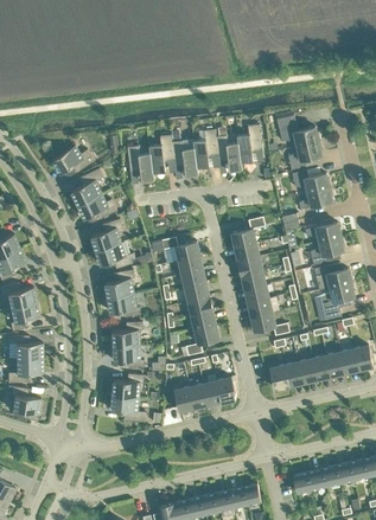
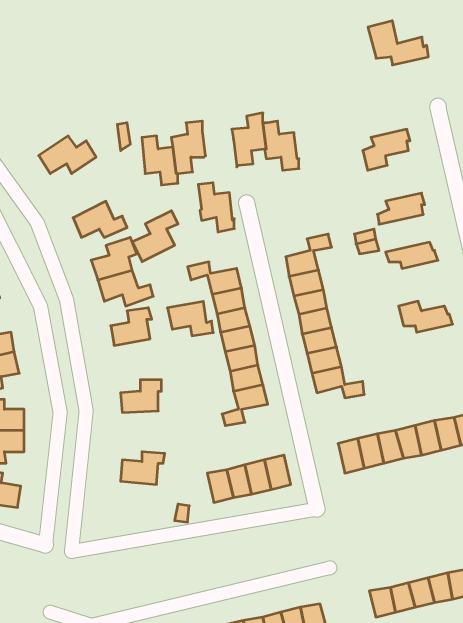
building: [275,115,319,147] -> [368,21,428,65]
building: [236,124,261,162] -> none
building: [171,141,197,176] -> [198,183,234,232]
building: [70,168,103,205] -> [132,211,178,262]
building: [291,171,330,193] -> none
building: [310,236,343,265] -> none
building: [320,282,353,312] -> none
building: [107,293,140,317] -> [167,301,213,336]
building: [113,345,144,368] -> none
building: [110,396,145,422] -> none

